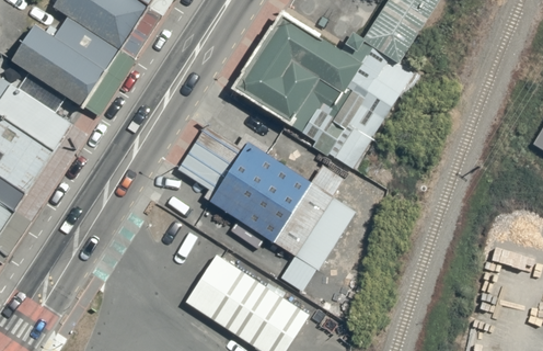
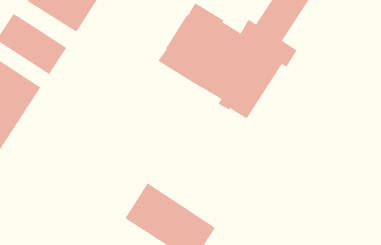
building: [54,16,120,71] -> none
building: [177,129,356,292] -> none

